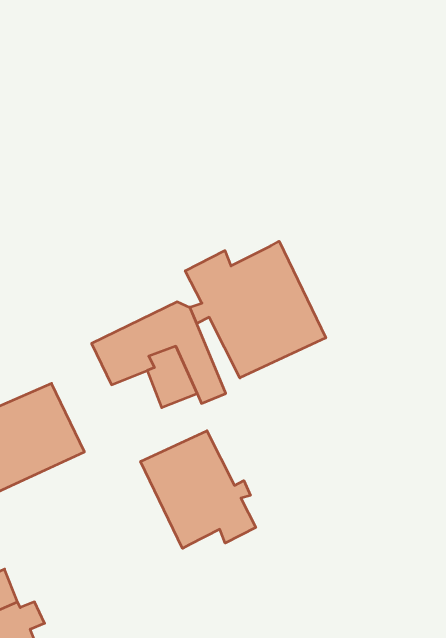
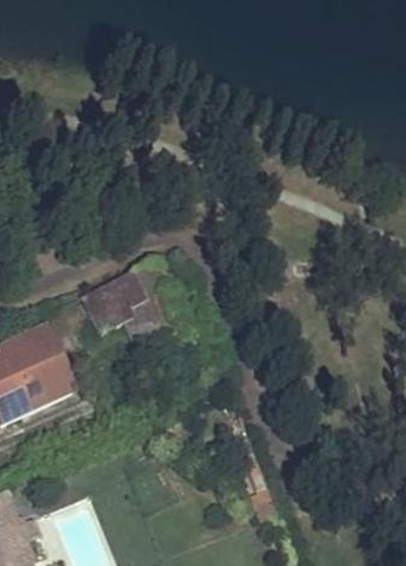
building: [185,241,326,378] -> none
building: [141,431,256,548] -> none

